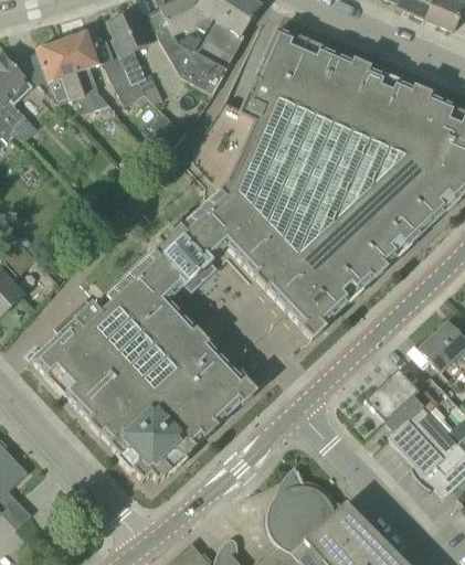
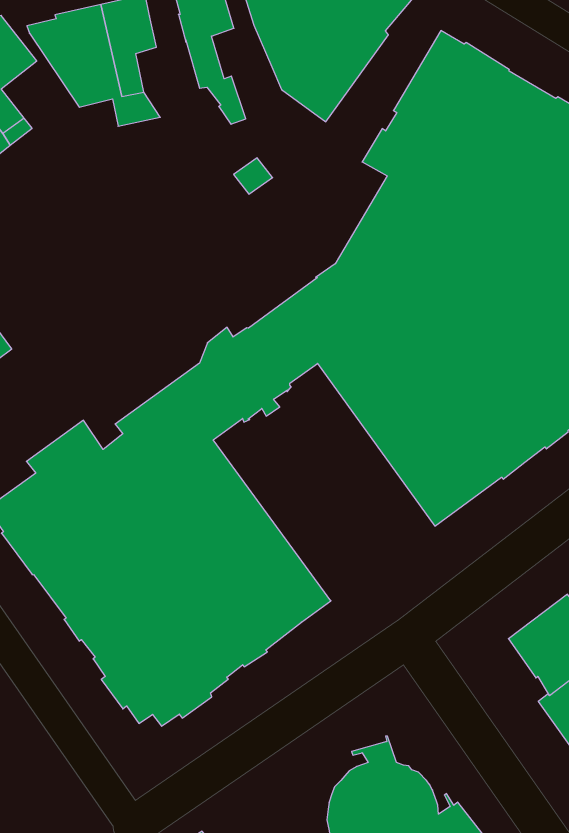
building: [103,54,146,103] -> none

